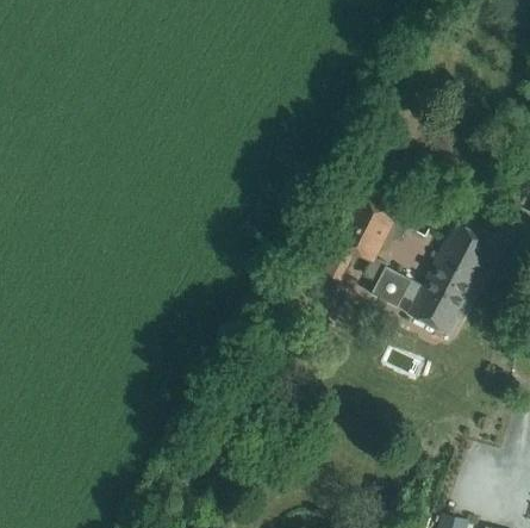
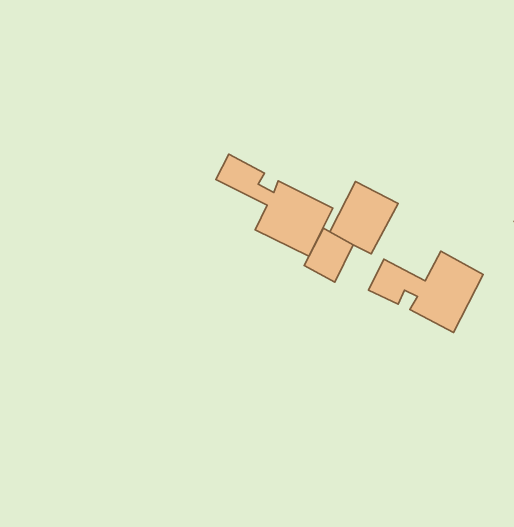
building: none -> [216,154,333,256]
building: [437,224,495,282] -> none

